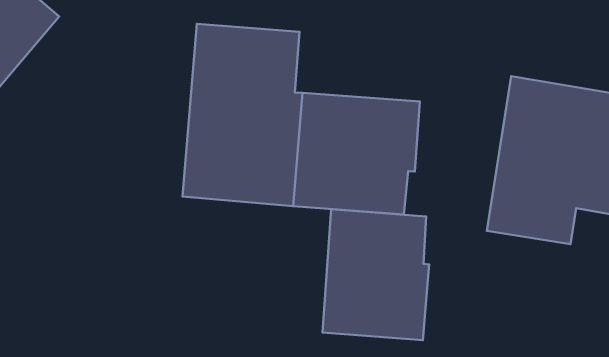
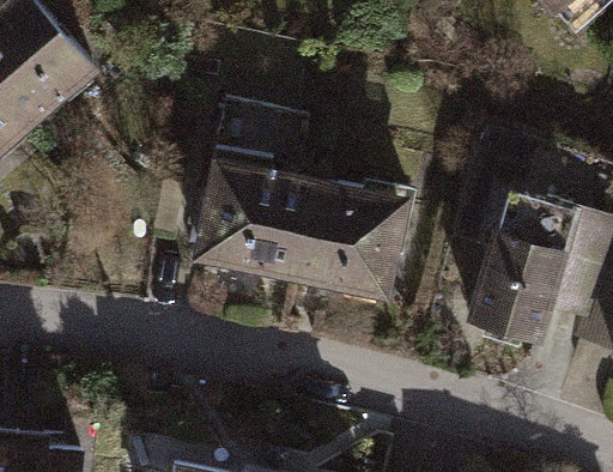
building: [322,209,429,340] -> none

